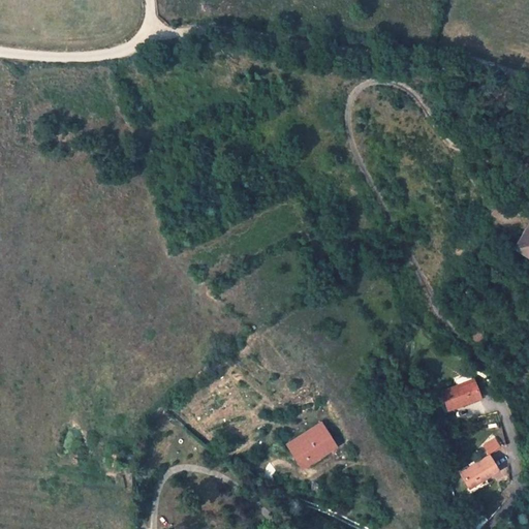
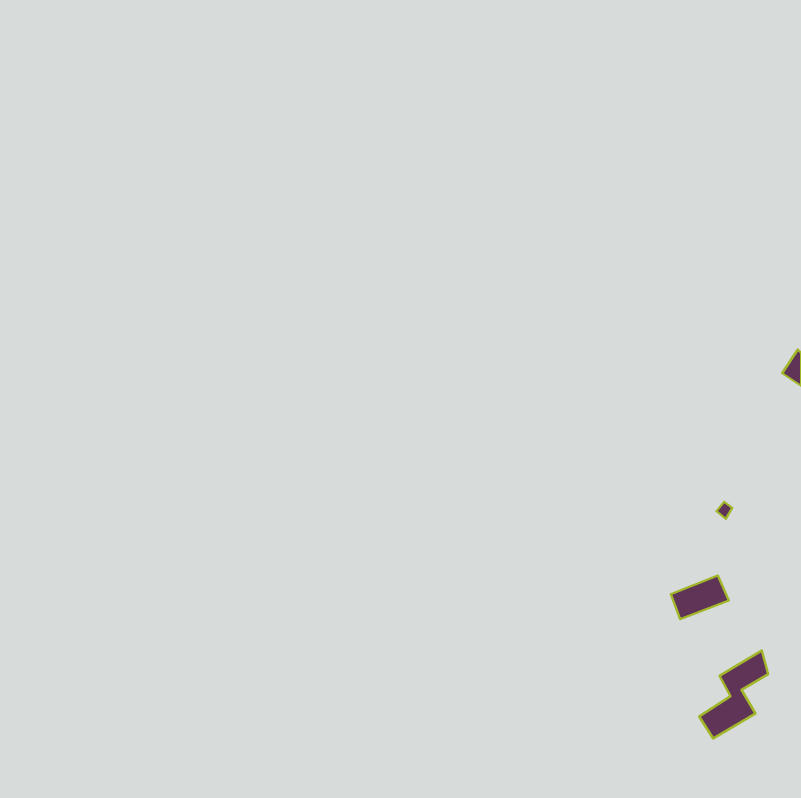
building: [290,424,336,465] -> none

